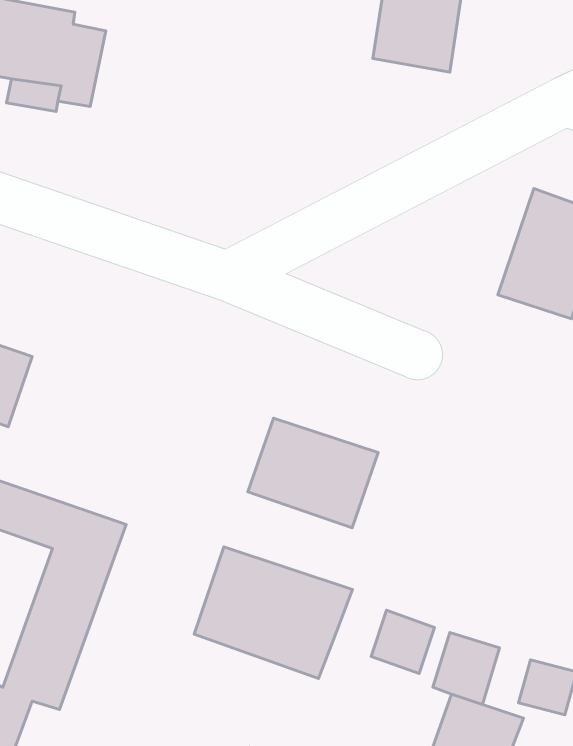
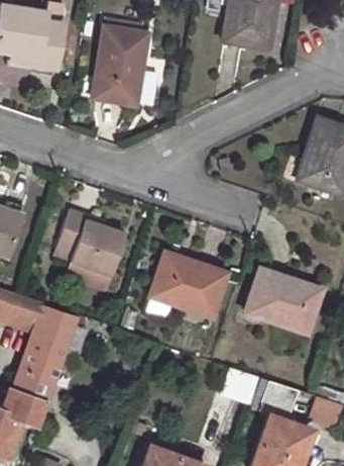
building: none -> [93,24,148,104]
building: none -> [59,209,126,276]
building: none -> [246,268,322,332]
building: [194,547,353,679] -> none

